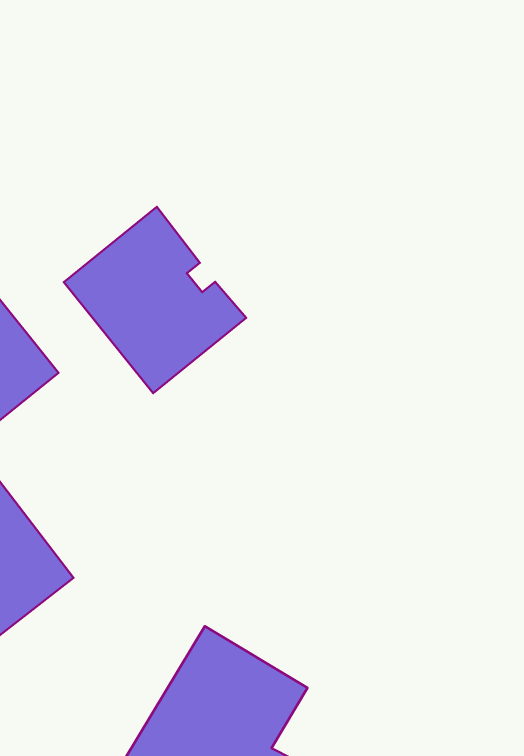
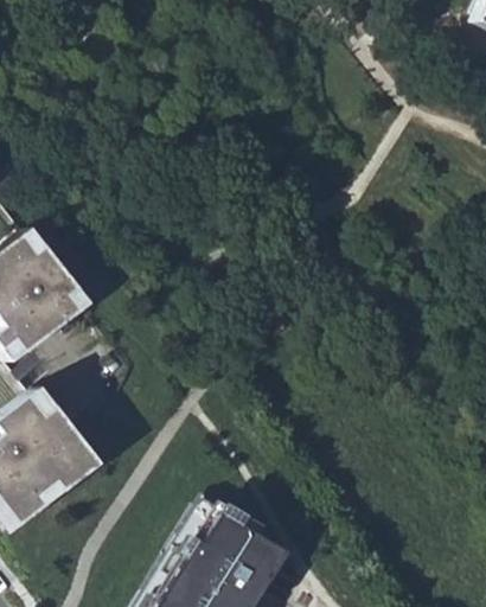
building: [64,207,246,393] -> none

